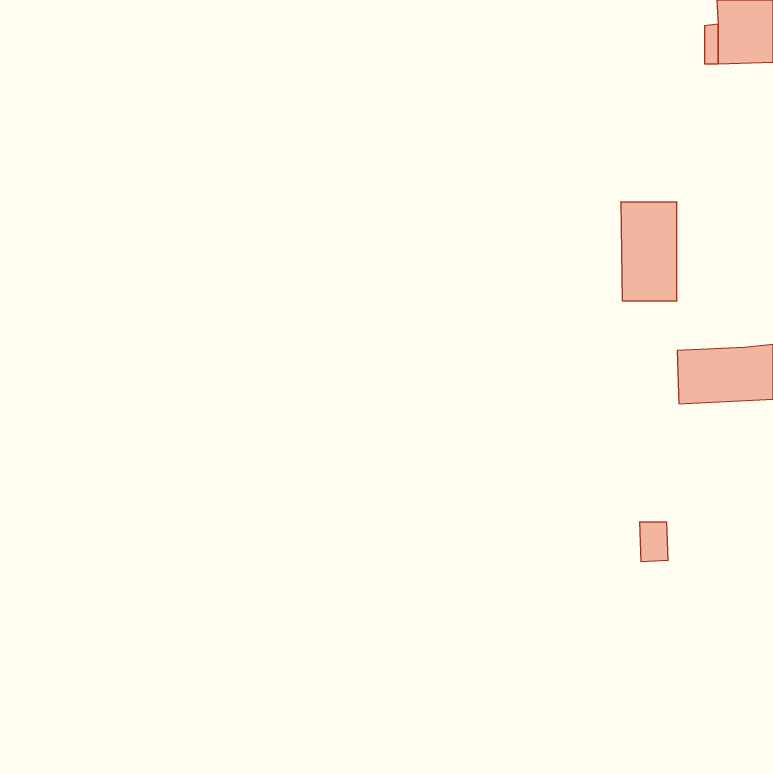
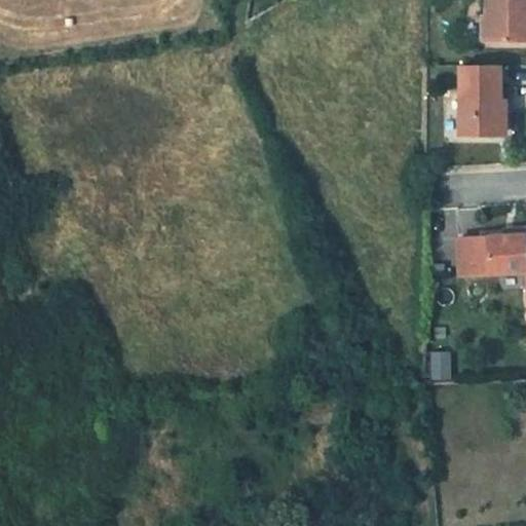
building: [621,202,677,301] -> [465,66,503,133]

